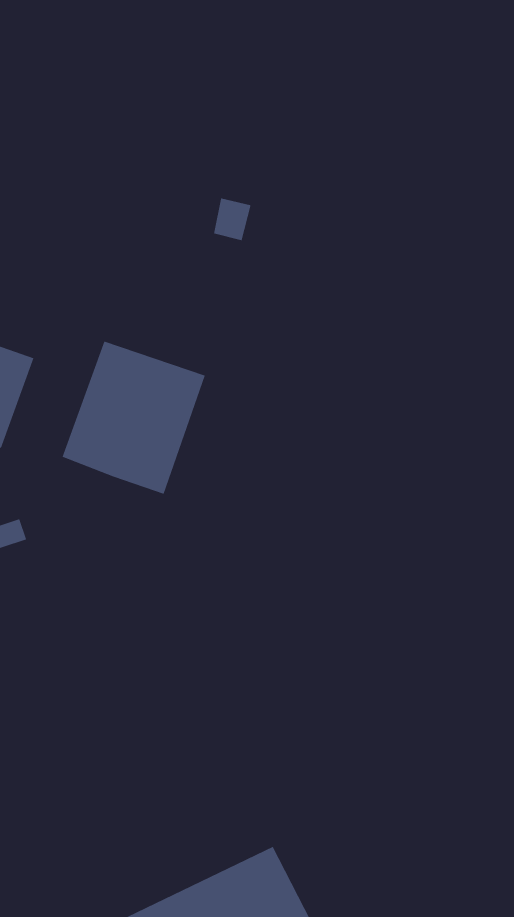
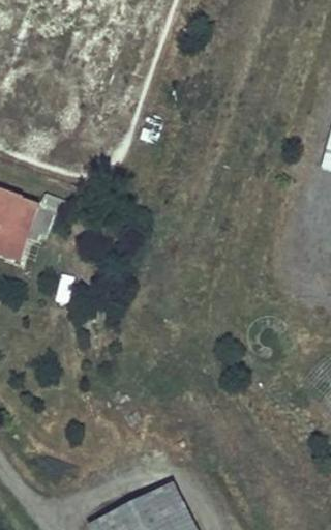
building: [61,341,206,495] -> none

